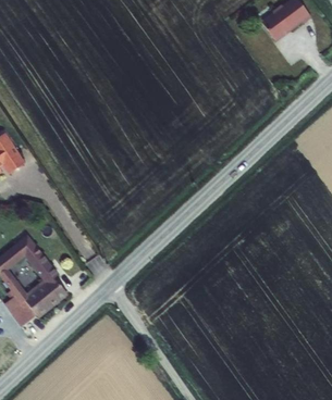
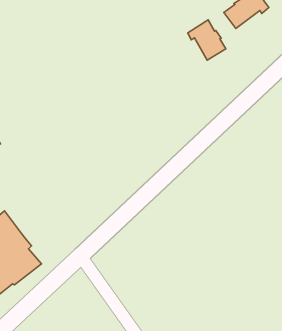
building: none -> [188,20,226,60]

